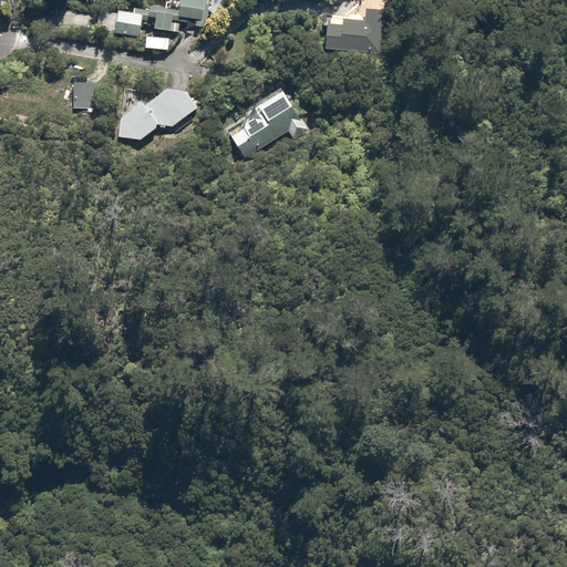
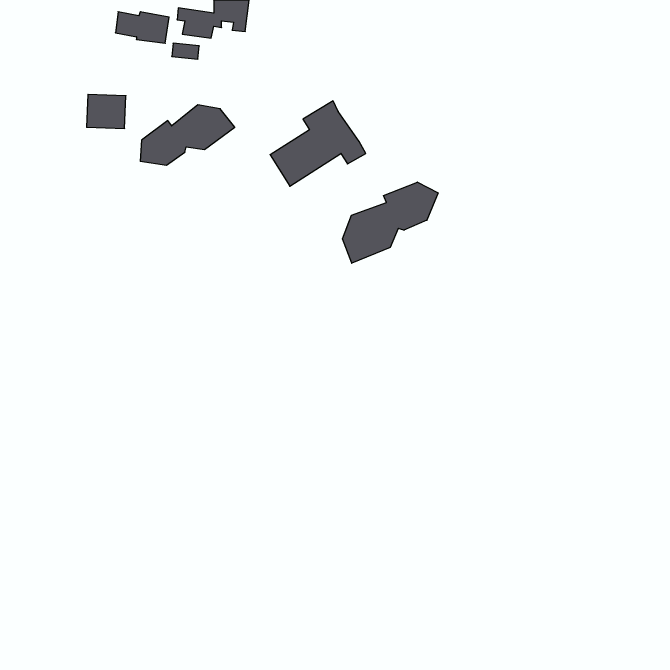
building: [323,9,381,48] -> none
building: none -> [342,182,438,263]

